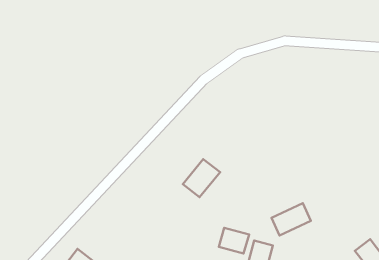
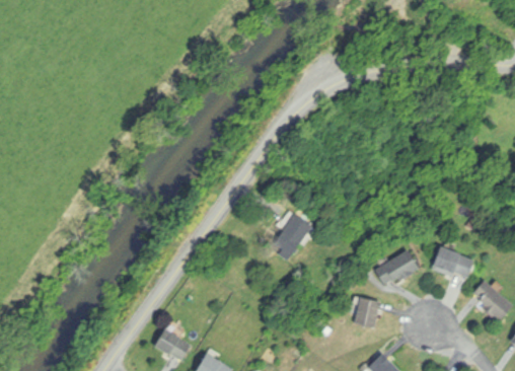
building: none -> [432,245,474,280]
building: [219,228,249,253] -> none

